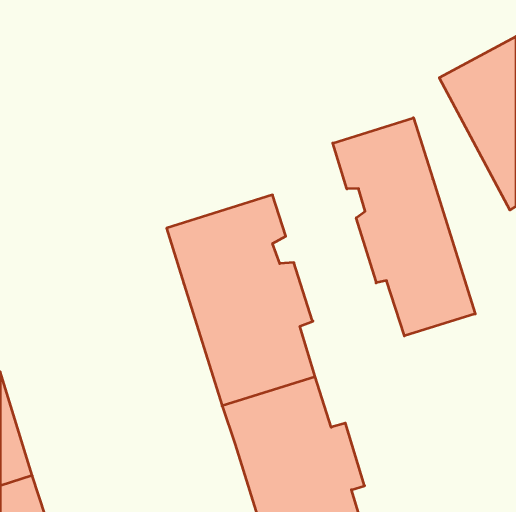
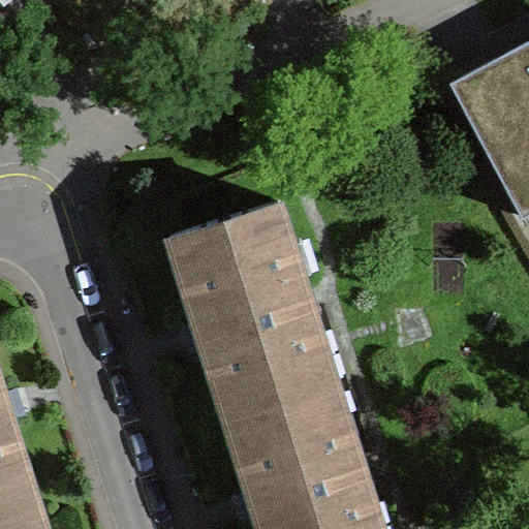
building: [333,118,475,336] -> none

